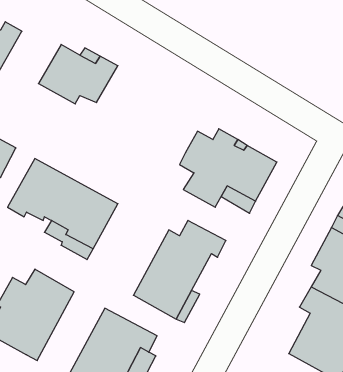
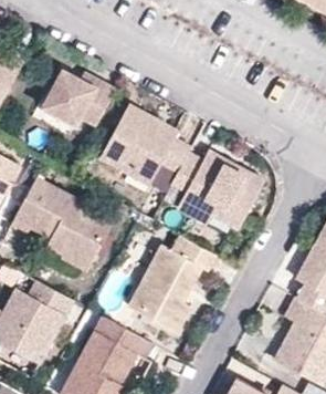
building: none -> [101,104,191,185]

